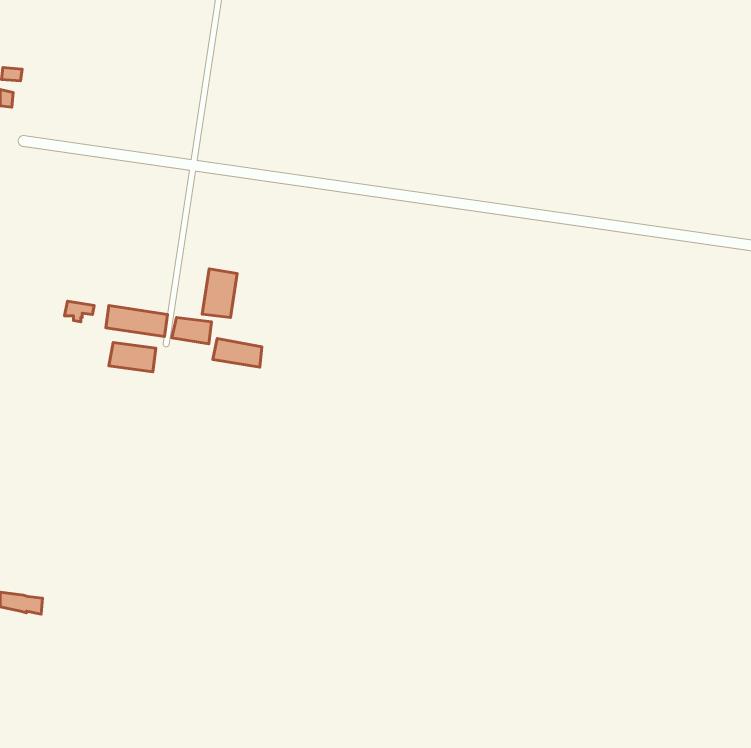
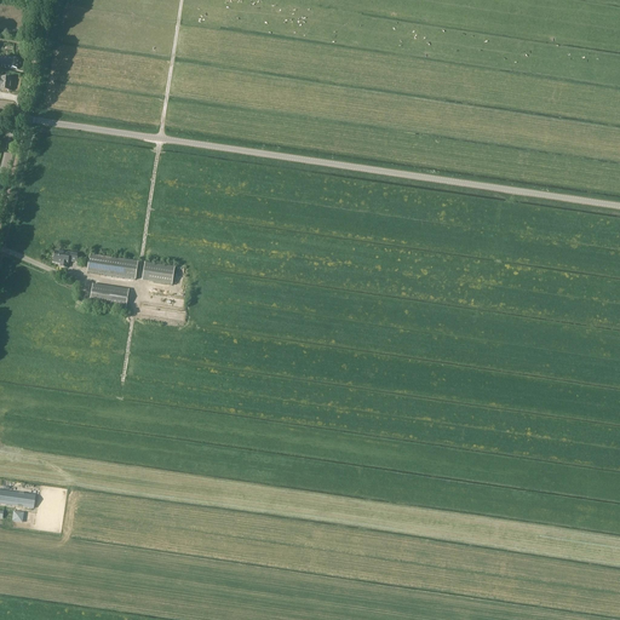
building: [202,269,237,317] -> none
building: [213,338,262,367] -> none

